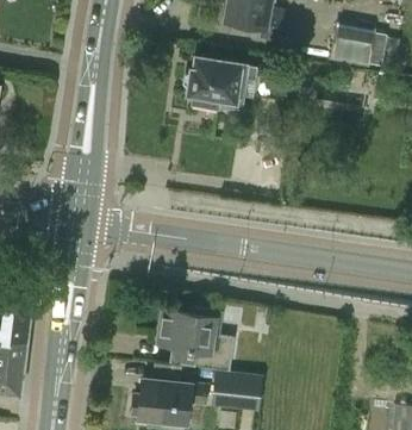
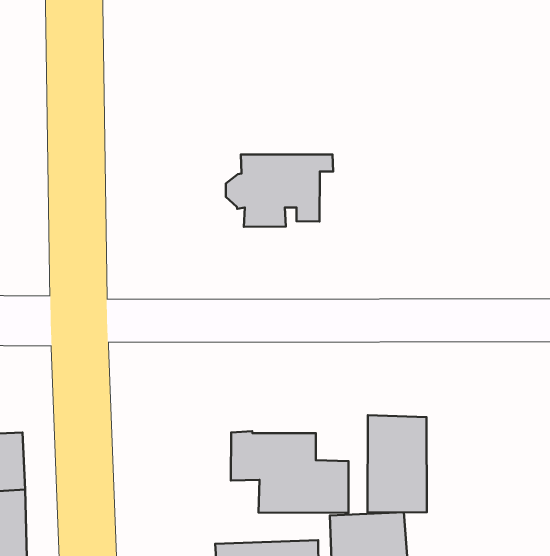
building: [183,58,254,107] -> [226,154,333,227]
building: none -> [368,415,427,512]

